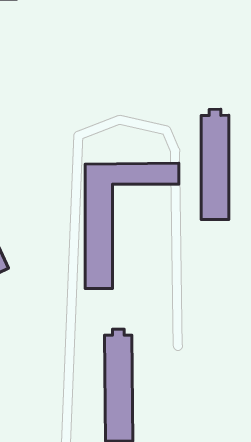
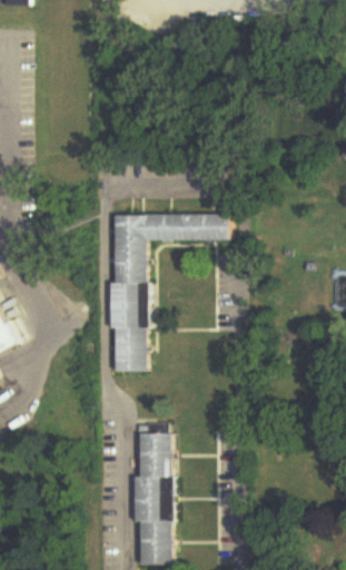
building: [201,109,229,220] -> none

